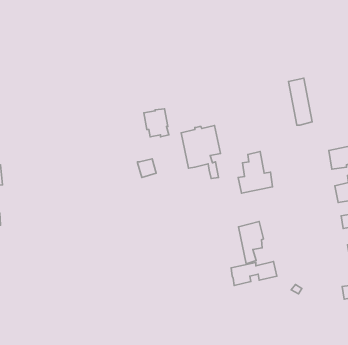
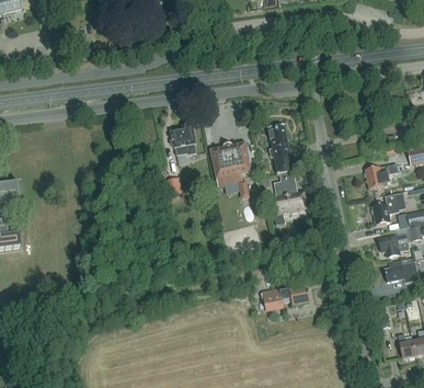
building: [288,78,312,125] -> [267,123,293,172]
building: [238,222,264,264] -> none

